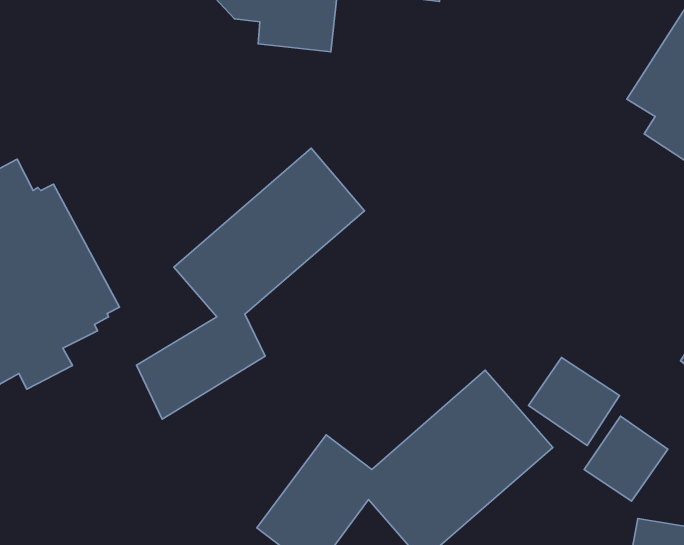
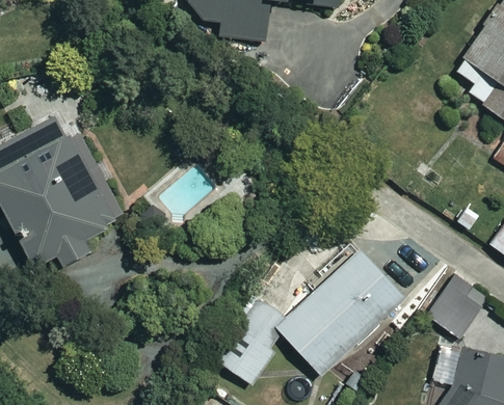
building: [137,148,365,419] -> none
building: [528,357,620,445] -> none

